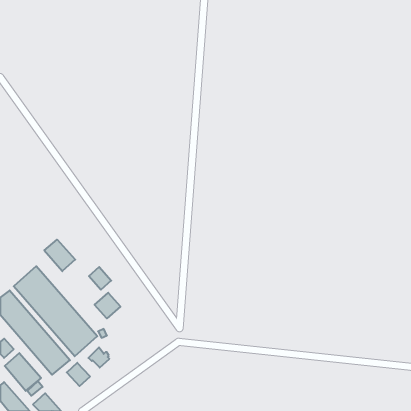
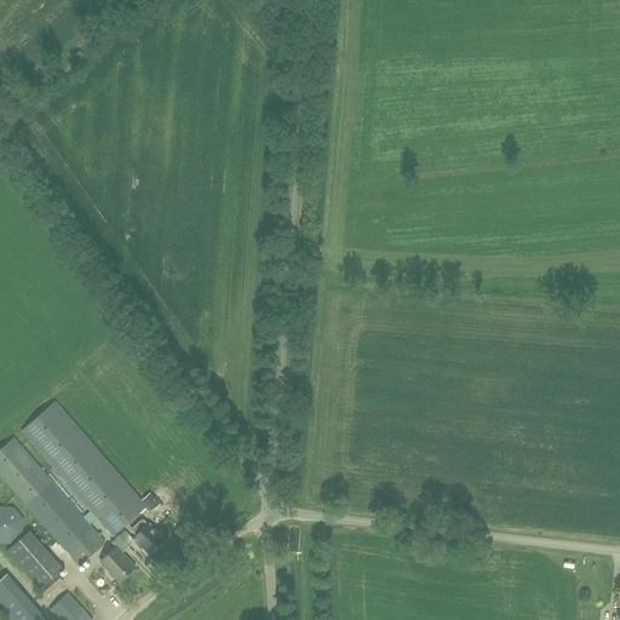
building: [44,240,75,271] -> none
building: [89,267,111,290] -> none
building: [95,293,120,318] -> none

